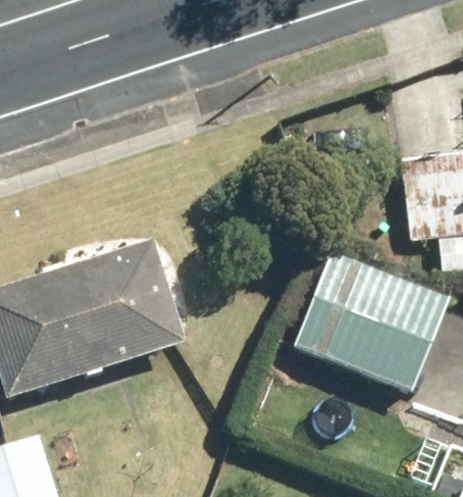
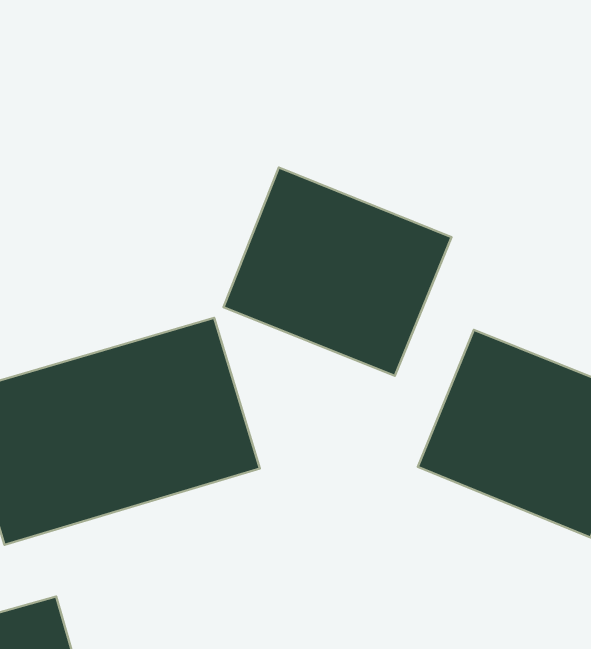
building: none -> [224,168,451,376]

